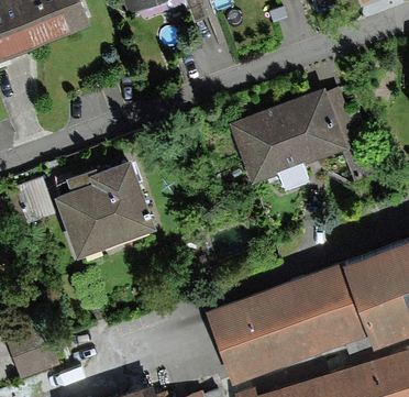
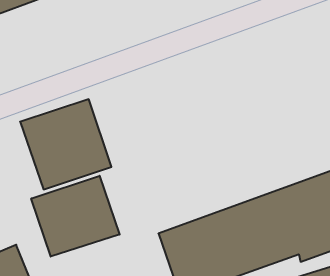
building: [221,86,350,181] -> none
building: none -> [31,176,120,257]

